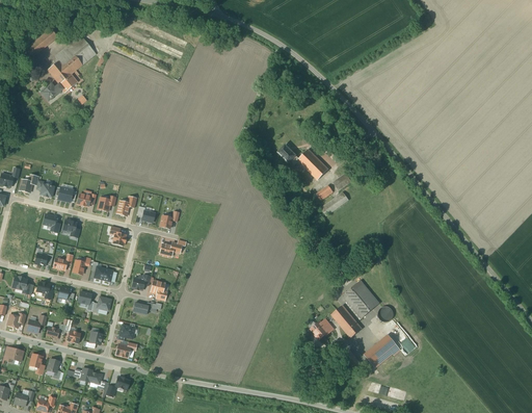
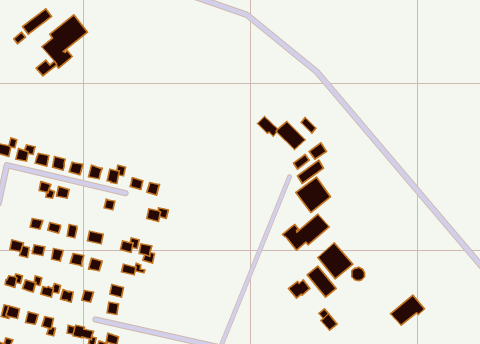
building: none -> [296,177,331,212]
building: none -> [282,214,329,250]
building: [364,335,400,367] -> [390,295,424,325]

